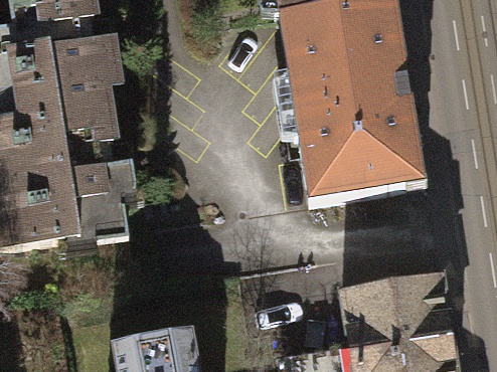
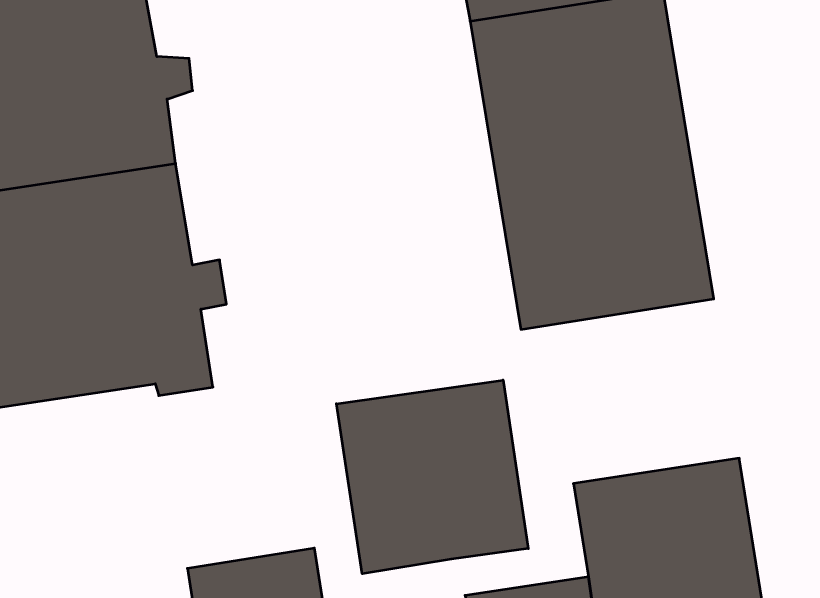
building: none -> [336,380,528,574]

